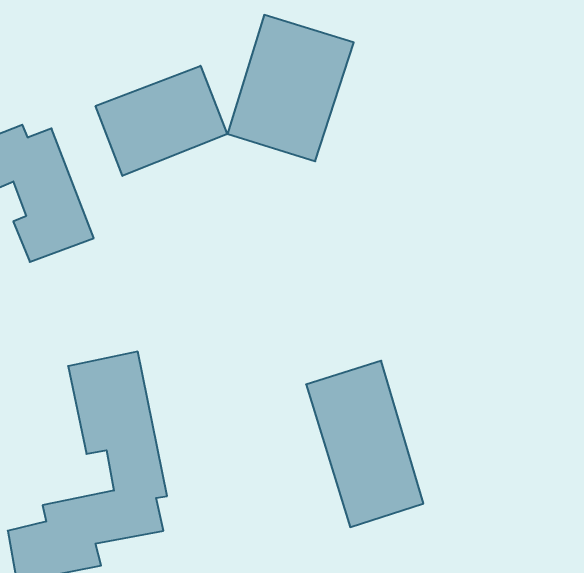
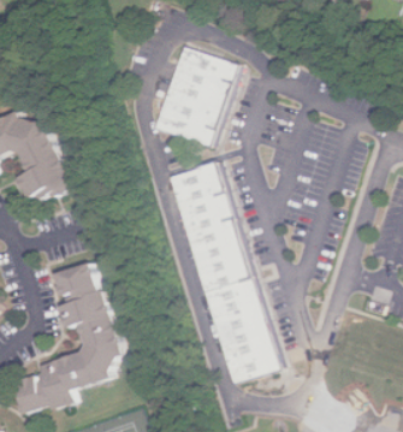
building: [96,66,227,176] -> none
building: none -> [172,154,256,285]

